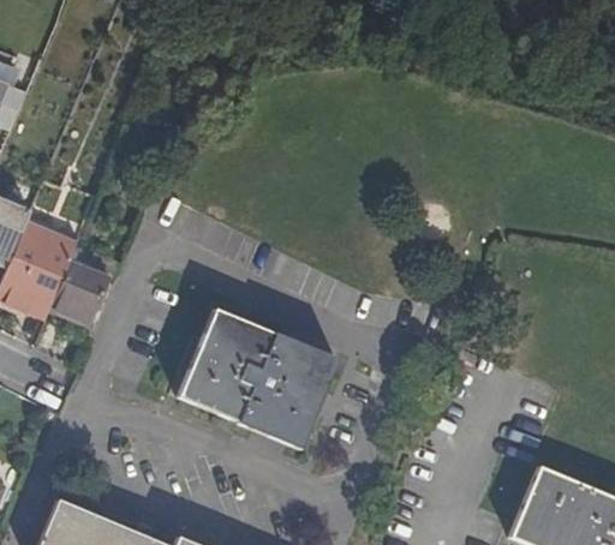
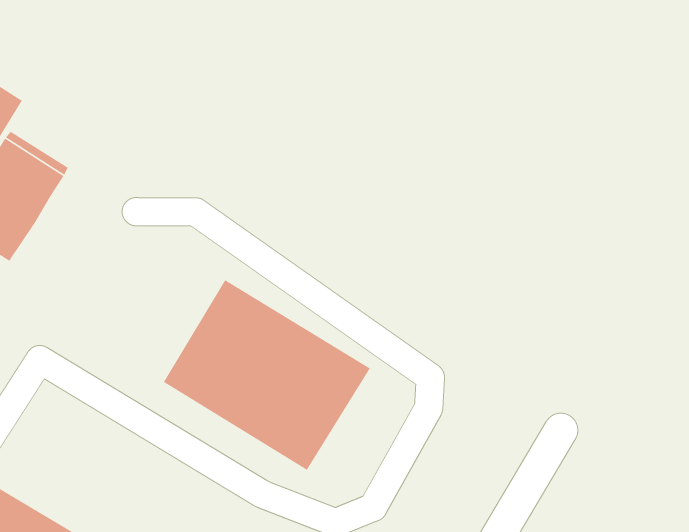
building: [50,268,108,330] -> none

